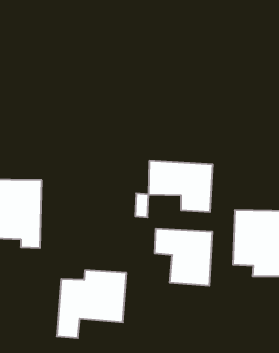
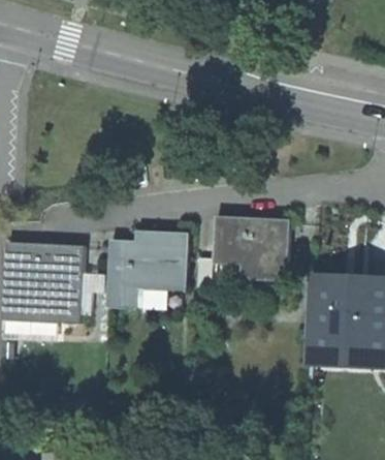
building: [155,229,212,286] -> none
building: [57,270,126,338] -> [103,229,185,309]

